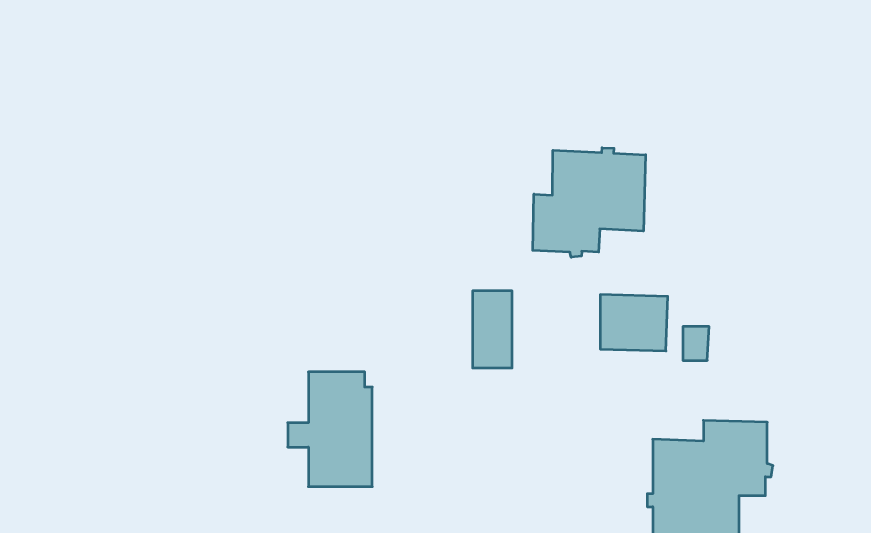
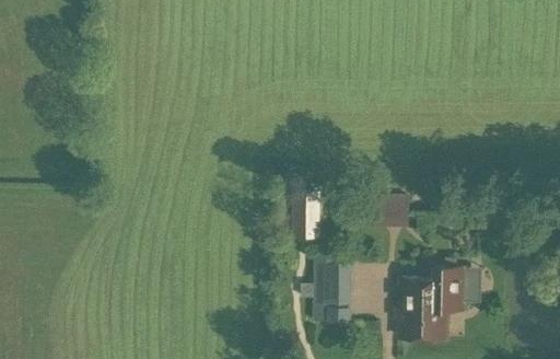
building: [533,148,646,257] -> none
building: [288,372,372,487] -> [303,254,352,321]

